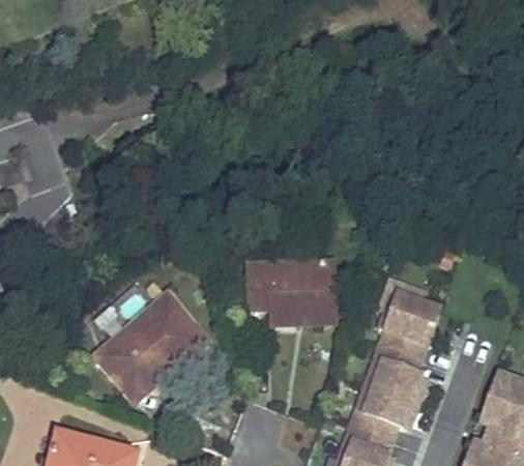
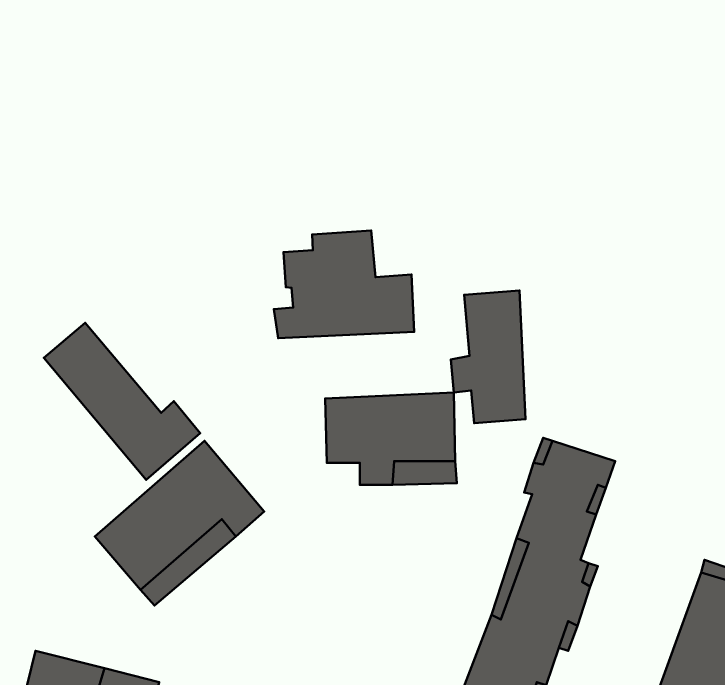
building: none -> [274,230,414,338]
building: none -> [451,290,526,423]
building: none -> [44,323,200,480]

